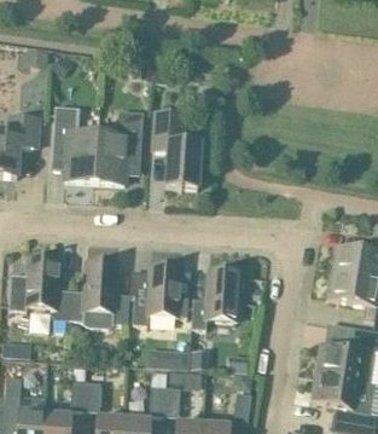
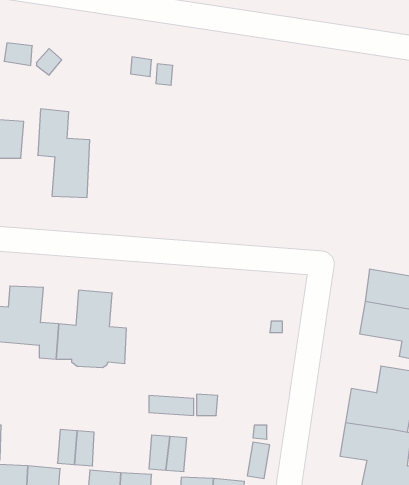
building: [94,109,143,183] -> none
building: [150,109,198,187] -> none
building: [132,264,188,324] -> none
building: [191,267,238,328] -> none

